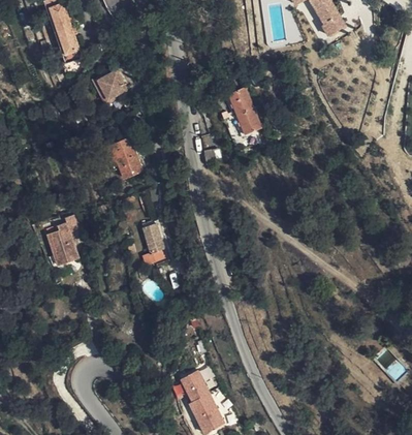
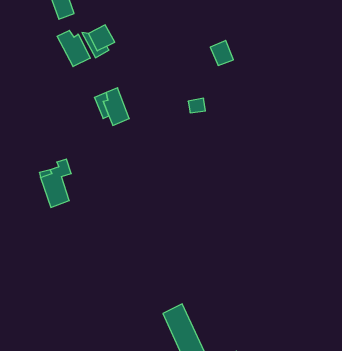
building: none -> [57,30,90,67]
building: [236,108,261,135] -> none
building: [141,221,164,266] -> none

